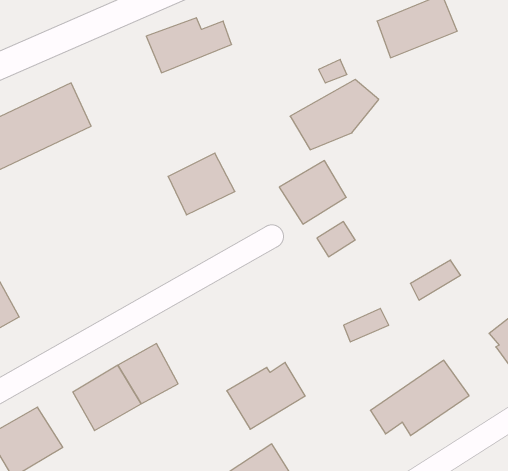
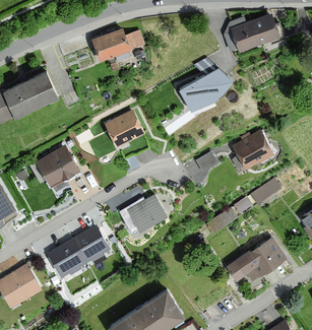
building: [279,161,346,224] -> [234,131,274,170]
building: none -> [36,145,79,187]
building: [227,362,305,429] -> [119,195,167,236]

